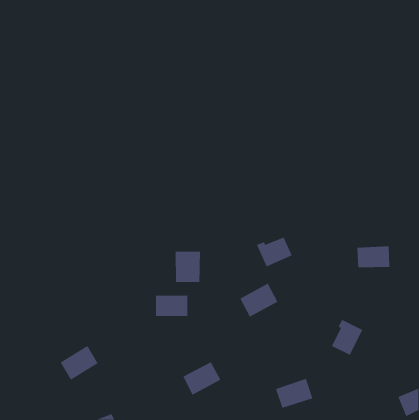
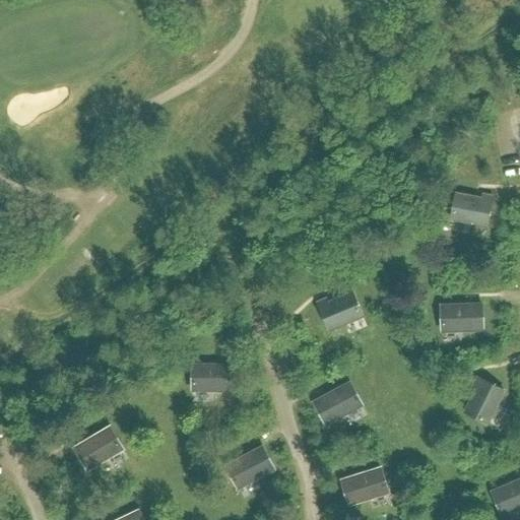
building: none -> [450,193,492,226]
building: [175,251,201,283] -> none
building: [239,283,278,317] -> [313,382,361,425]
building: [331,319,363,355] -> [464,379,504,424]

